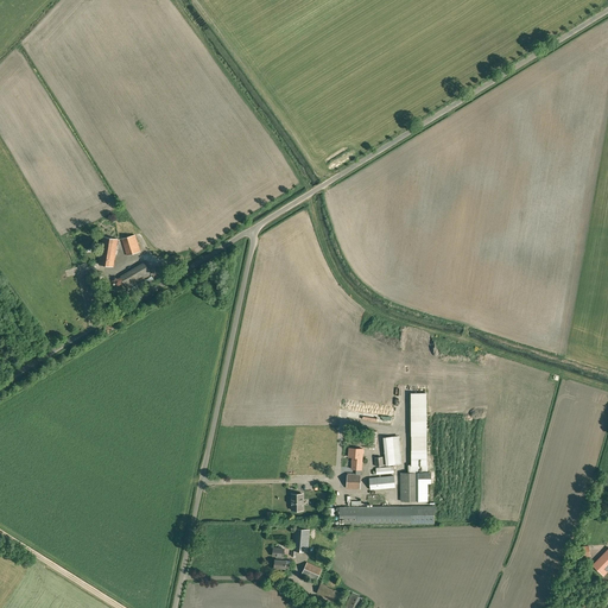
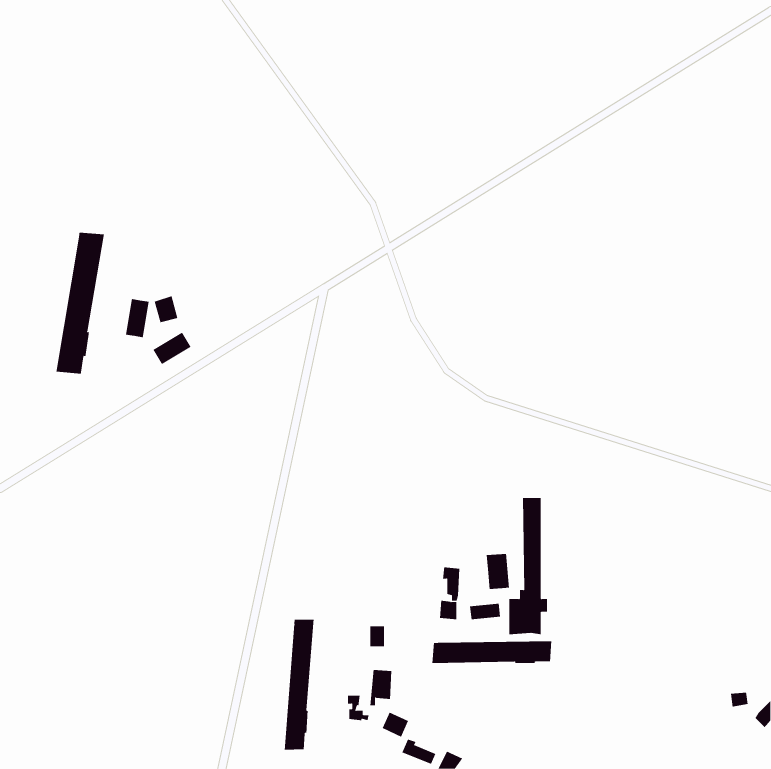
building: none -> [56,232,105,374]
building: none -> [284,619,314,750]

